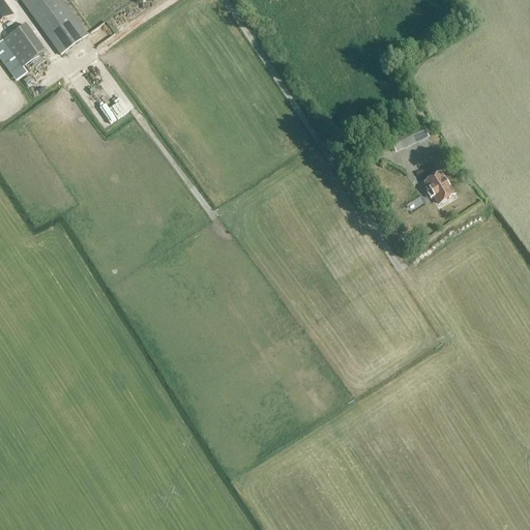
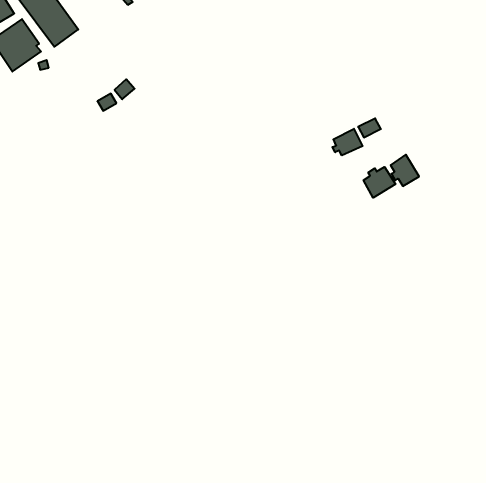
building: none -> [332,129,363,155]
building: none -> [364,167,395,198]

